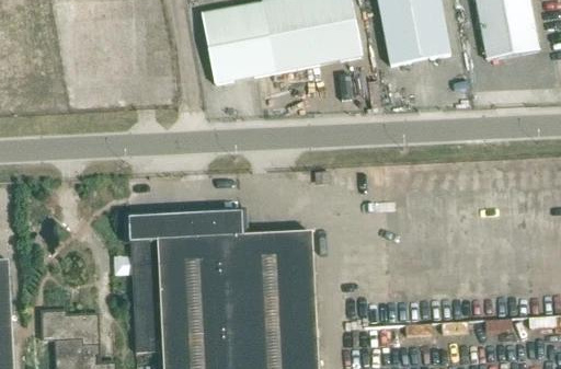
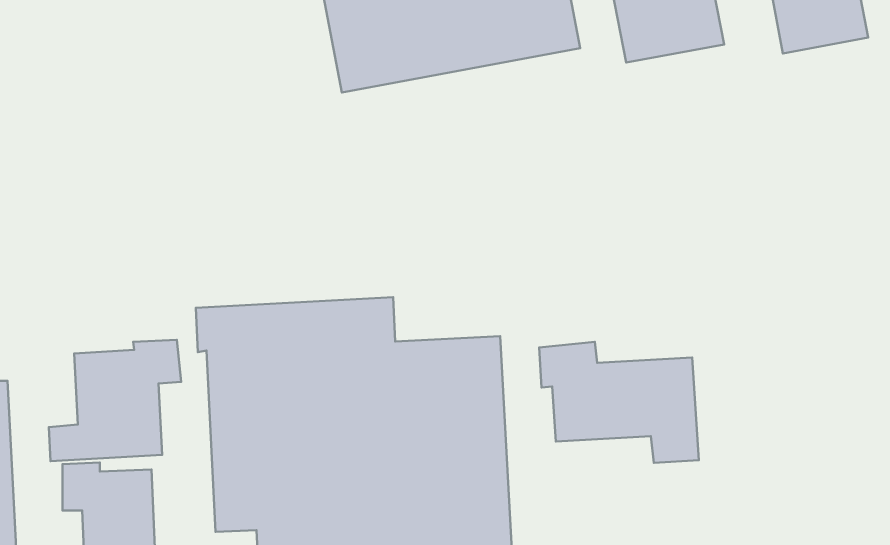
building: none -> [49,340,181,461]
building: none -> [539,342,699,463]

